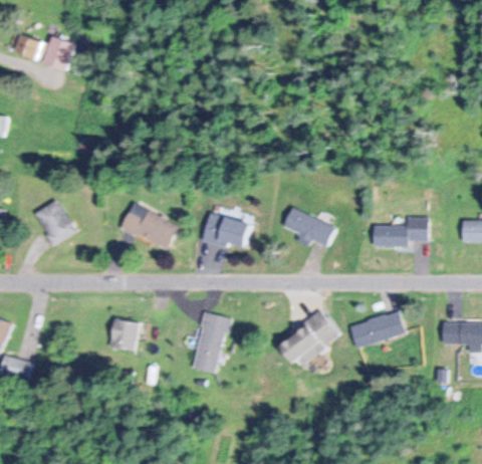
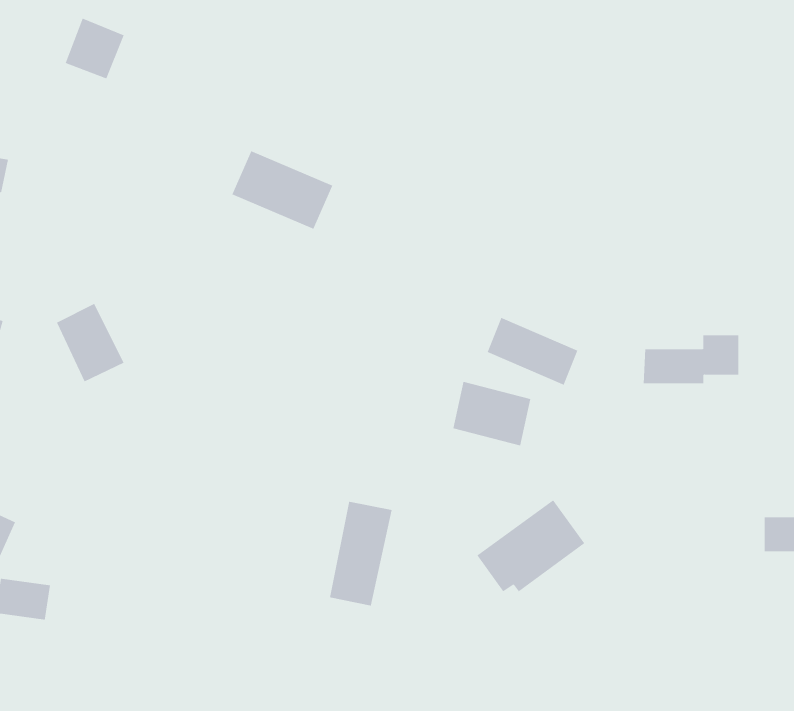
building: [15,34,44,61] -> none
building: [120,204,179,249] -> [232,151,333,229]
building: [203,213,248,250] -> [452,381,531,446]
building: [349,311,405,347] -> none
building: [109,318,139,351] -> none

